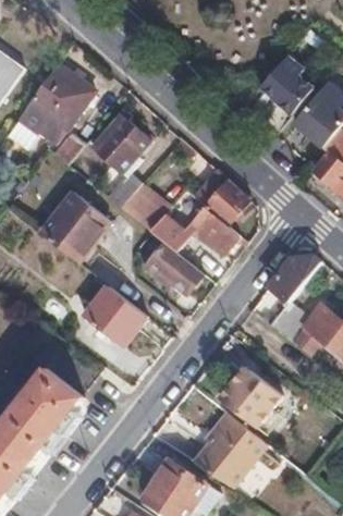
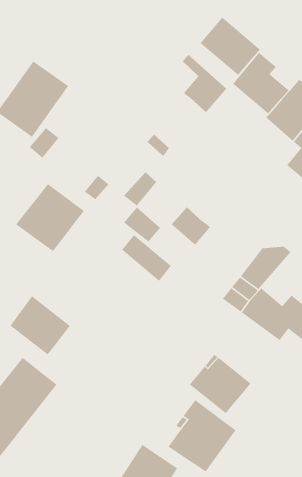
building: none -> [199,17,261,76]
building: [93,114,150,173] -> none
building: [203,165,249,226] -> [182,54,227,113]
building: [85,284,148,346] -> [10,295,71,356]

